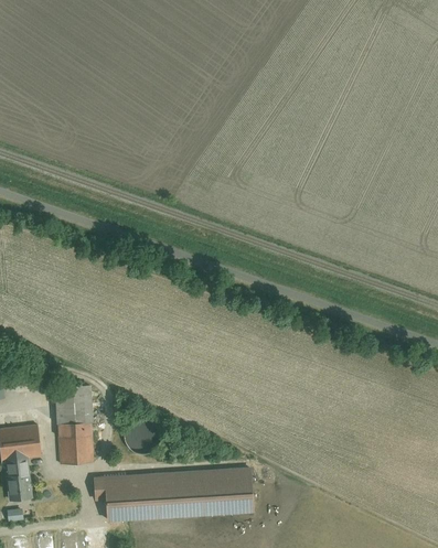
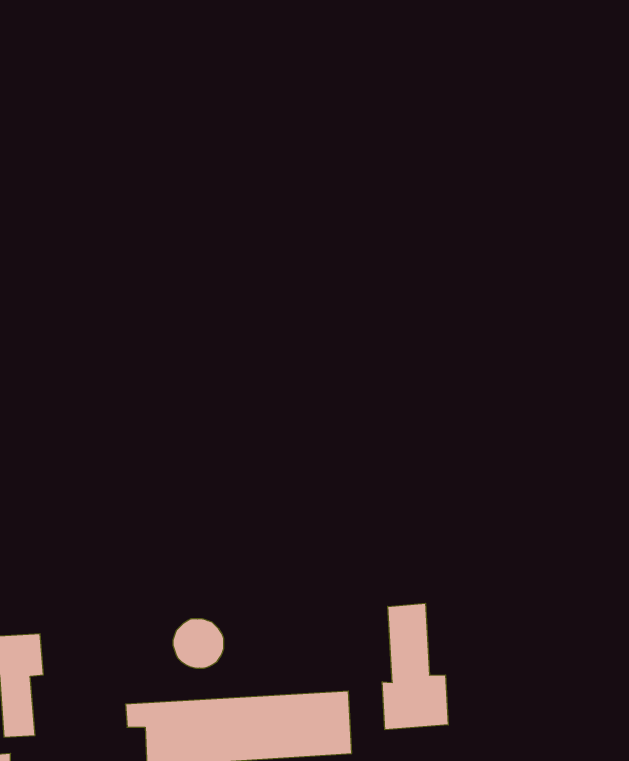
building: [53,385,92,463] -> none
building: none -> [382,603,448,730]

